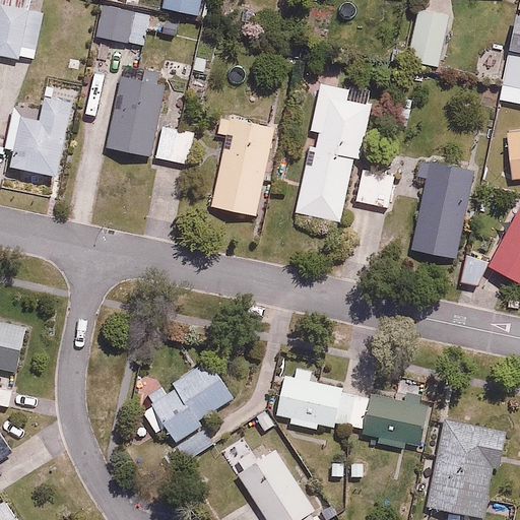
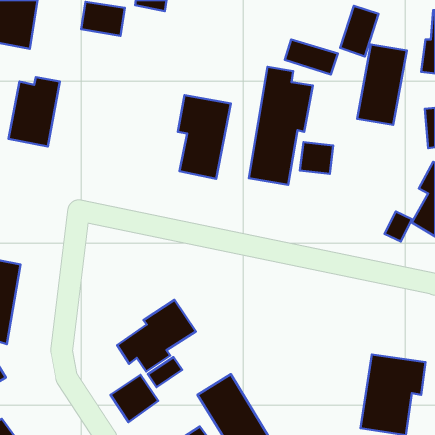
building: none -> [285,39,338,75]
building: [104,75,191,164] -> none
building: [412,161,471,257] -> [357,44,407,125]
building: [274,364,430,451] -> none
building: none -> [110,375,158,422]

